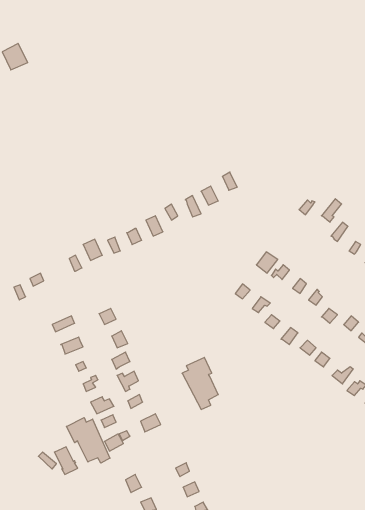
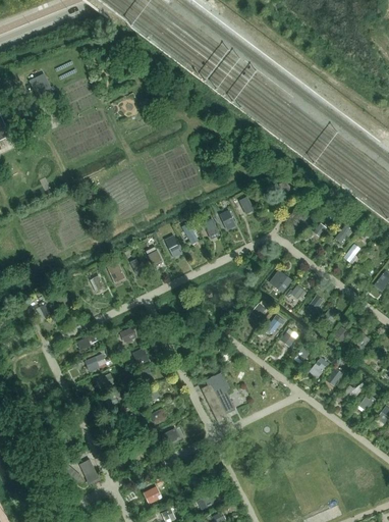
building: [66,418,110,463] -> none

